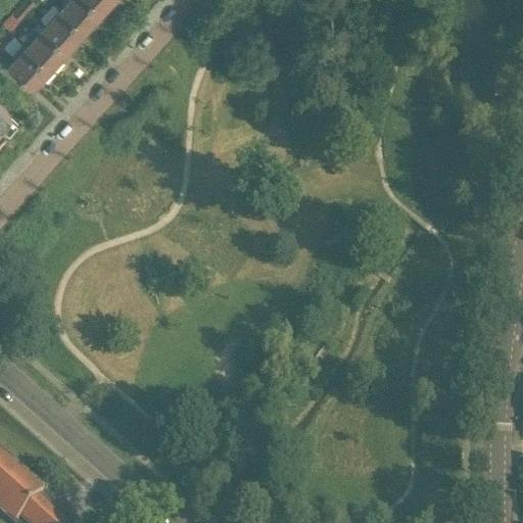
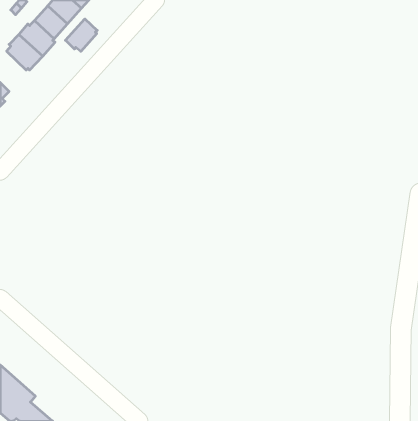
building: none -> [65,19,97,51]

